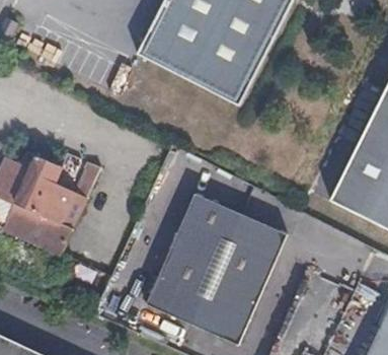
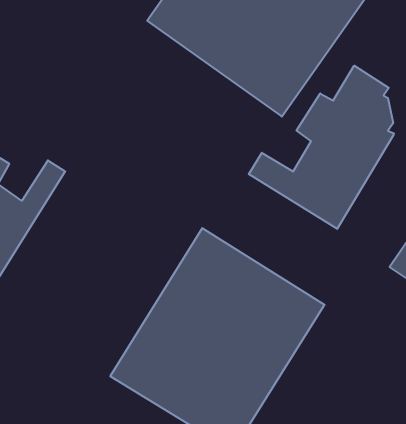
building: none -> [249,66,394,229]

